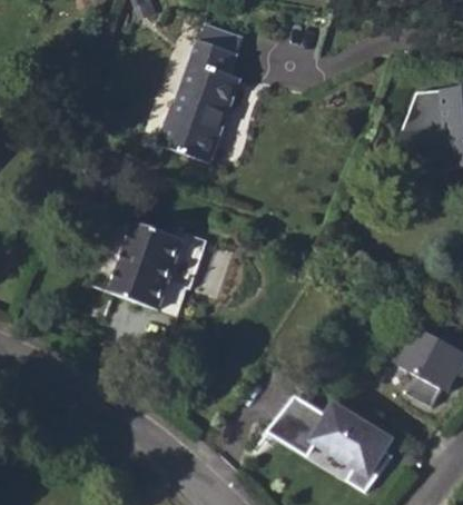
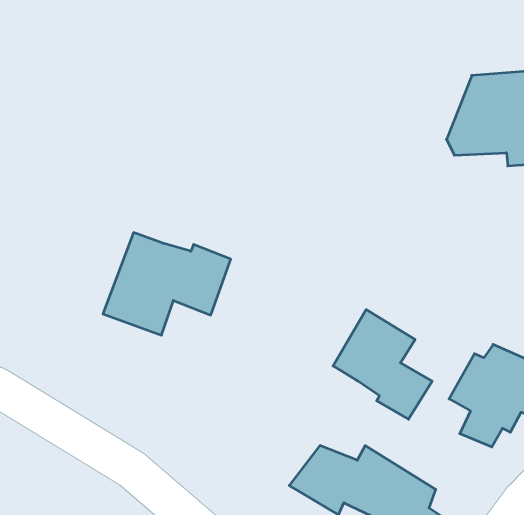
building: [159,40,237,161] -> none
building: none -> [333,310,432,419]

